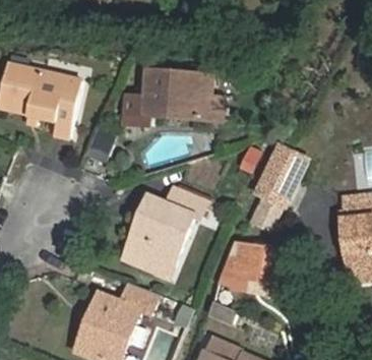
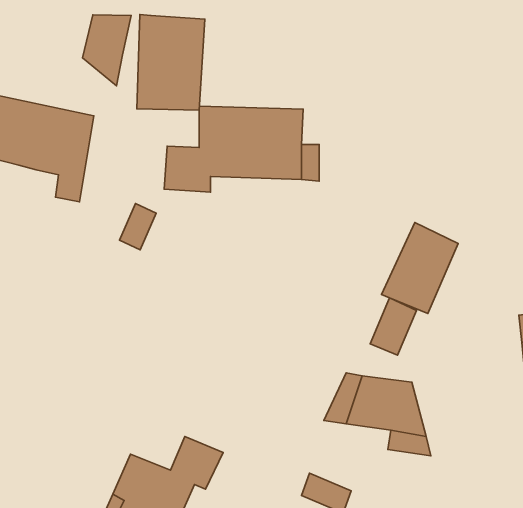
building: none -> [137,15,205,110]
building: none -> [82,15,131,86]
building: [124,186,208,268] -> none

